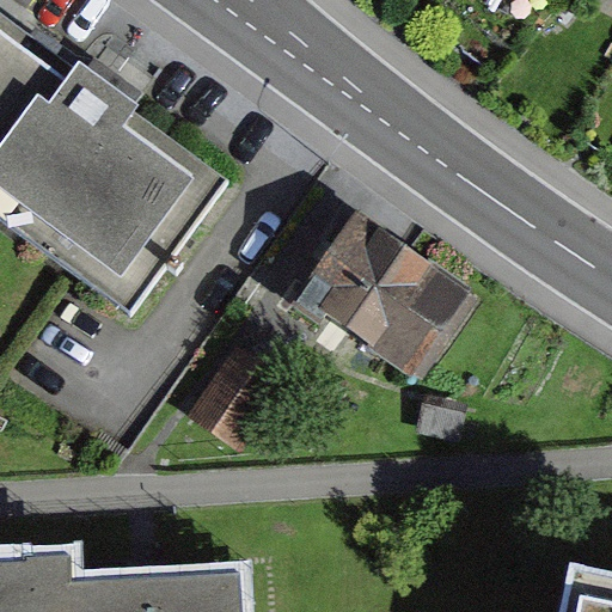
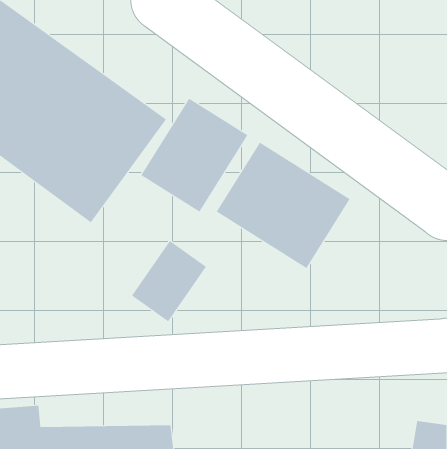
building: none -> [140,98,248,213]

